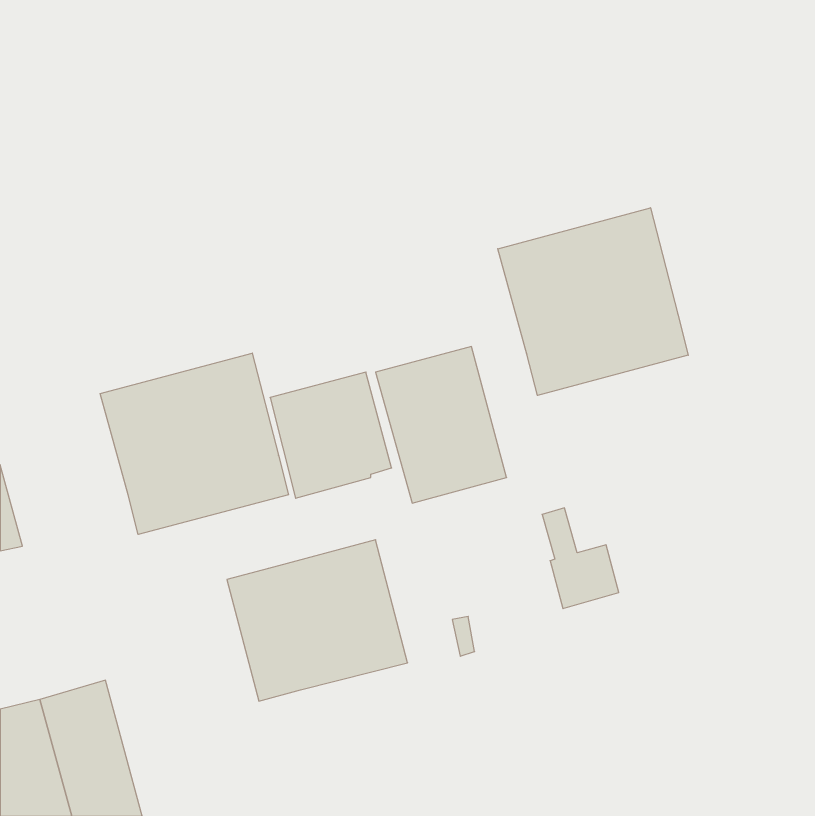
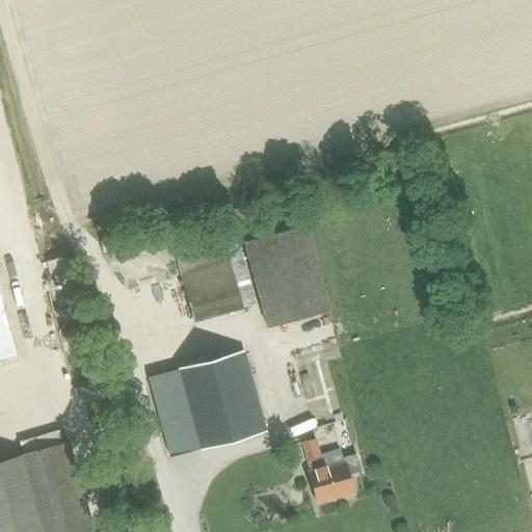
building: [498,208,688,395] -> none
building: [100,353,288,534] -> none
building: [542,508,619,609] -> [301,438,351,504]

